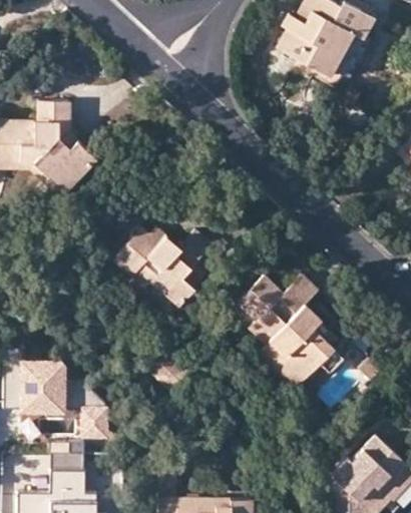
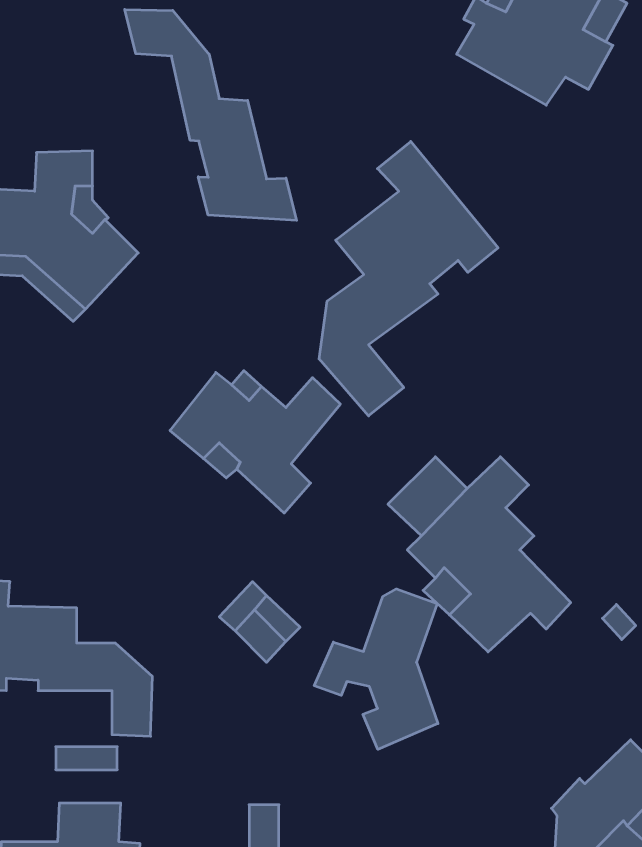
building: none -> [125,9,297,220]
building: none -> [319,141,498,416]
building: none -> [314,589,438,749]

